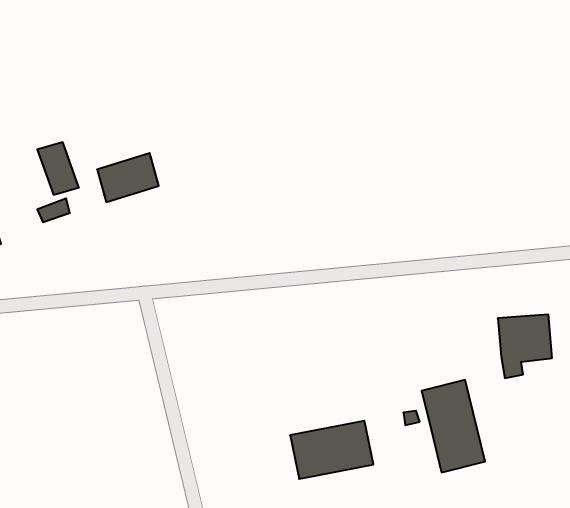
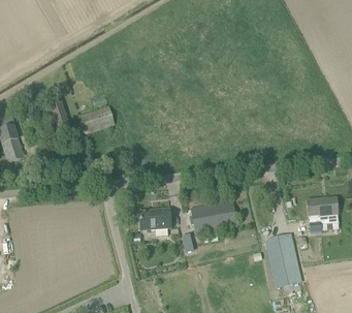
building: none -> [139,208,171,229]
building: [290,421,373,479] -> [191,199,238,232]

